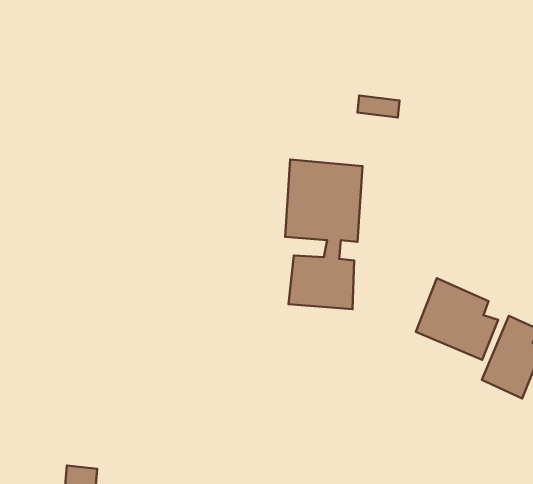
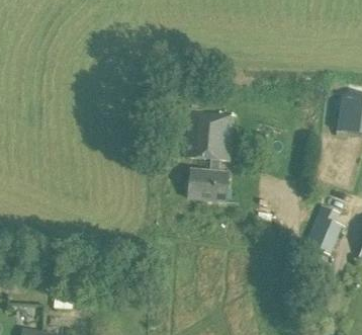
building: [416,278,498,360] -> none

